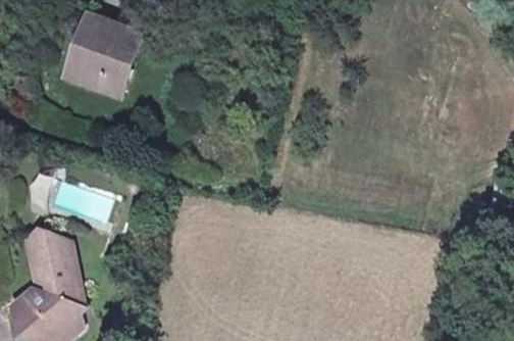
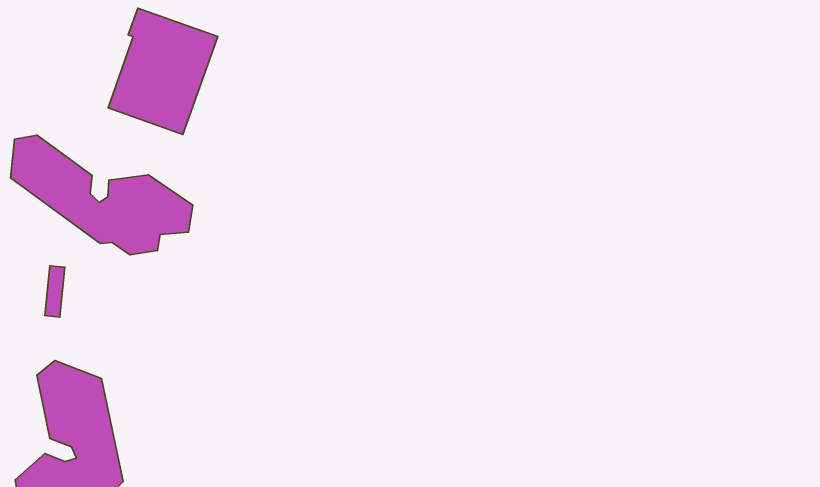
building: none -> [11,135,193,255]

